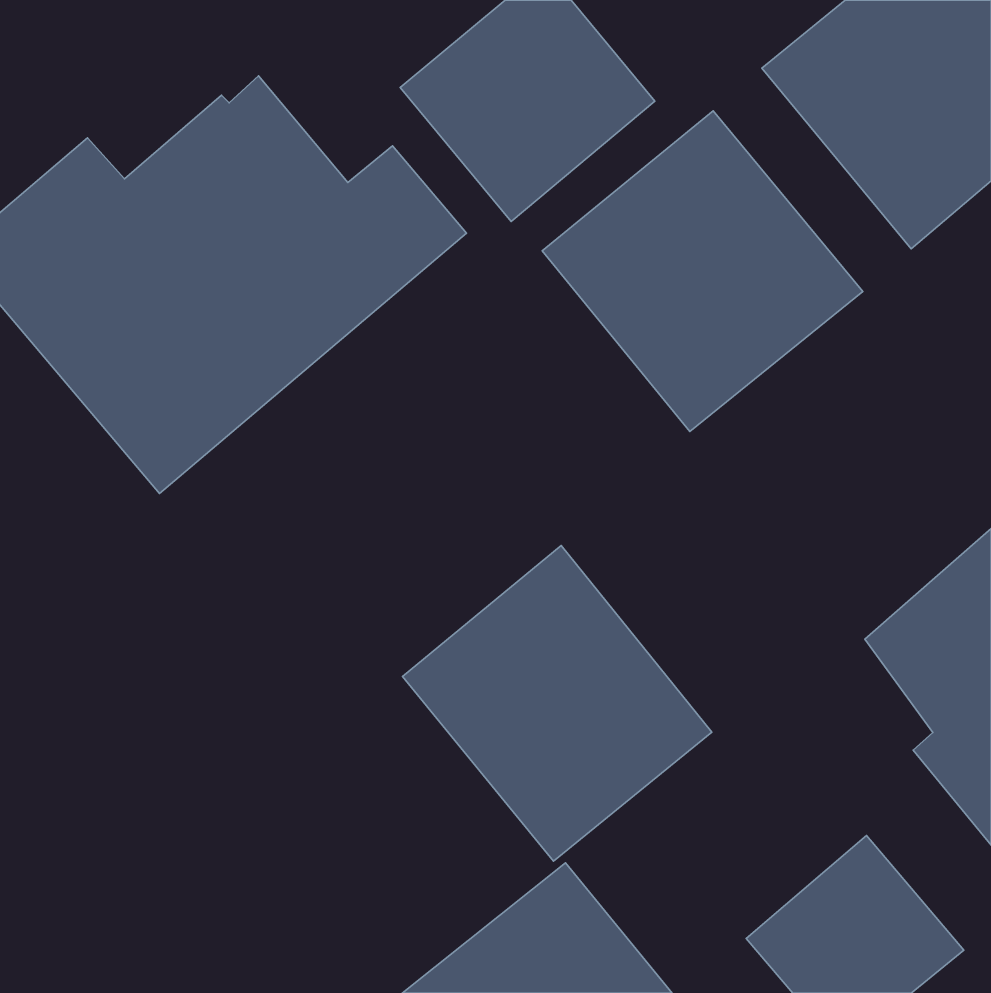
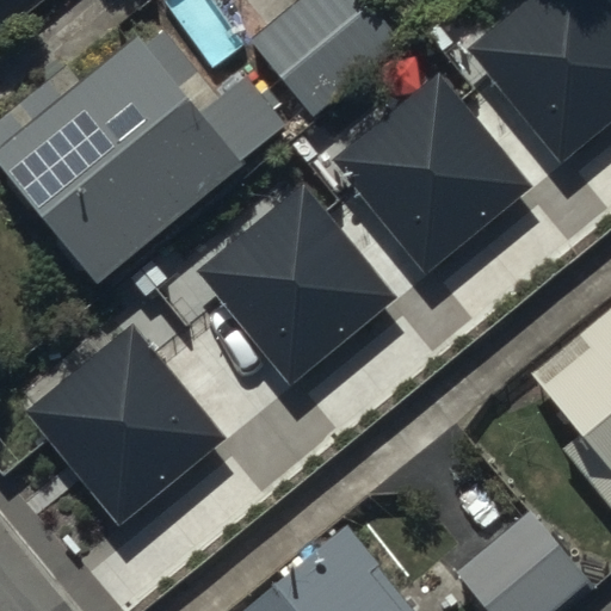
building: none -> [198,179,394,376]
building: none -> [26,320,222,517]
building: [403,546,712,861] -> none

